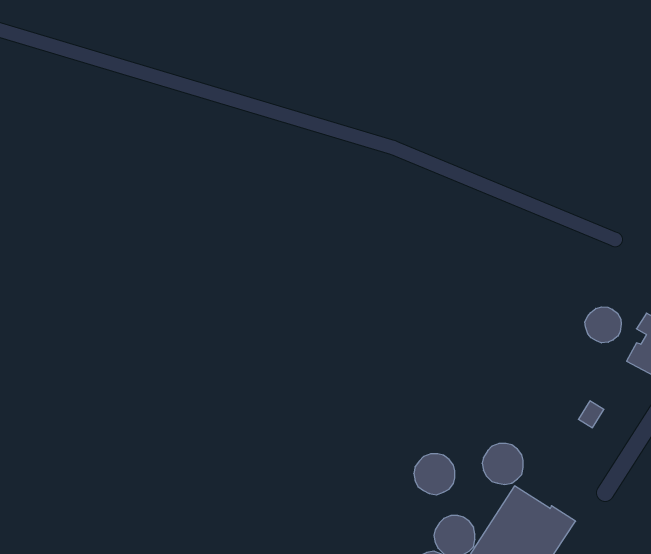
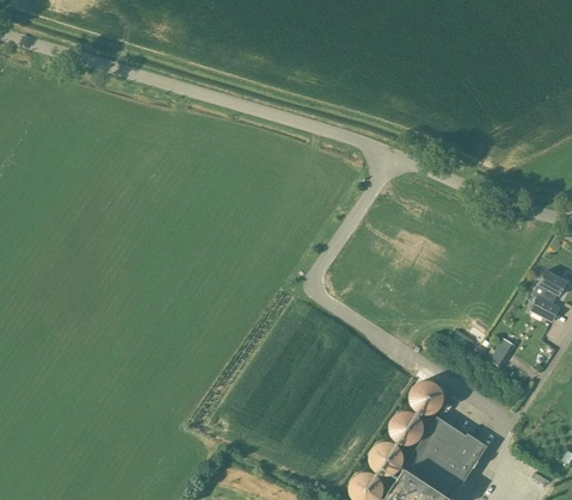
building: [585,307,621,343] -> none
building: [414,454,455,495] -> [388,411,423,445]

